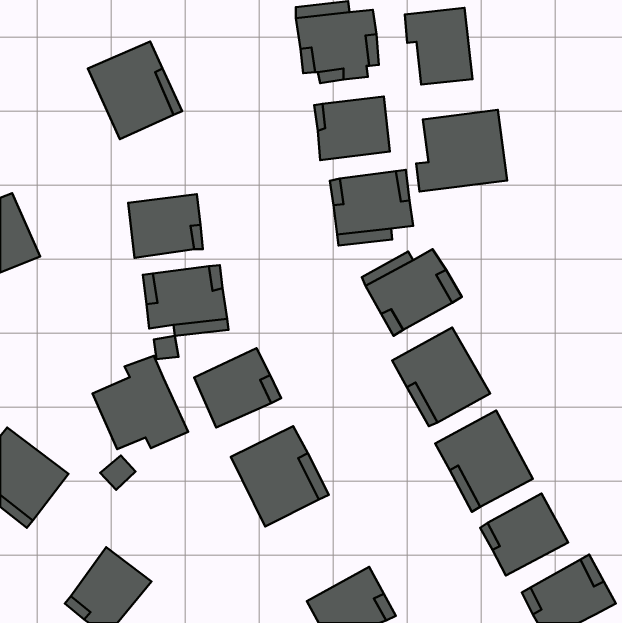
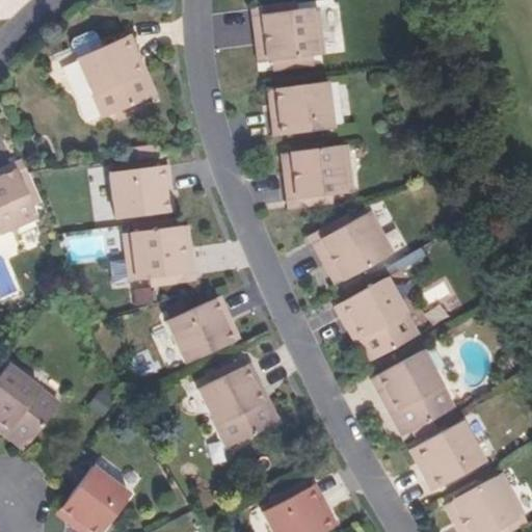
building: [405,8,473,85] -> none
building: [416,110,507,191] -> none
building: [92,356,188,449] -> none

